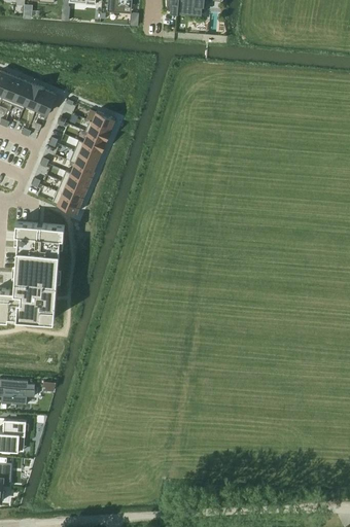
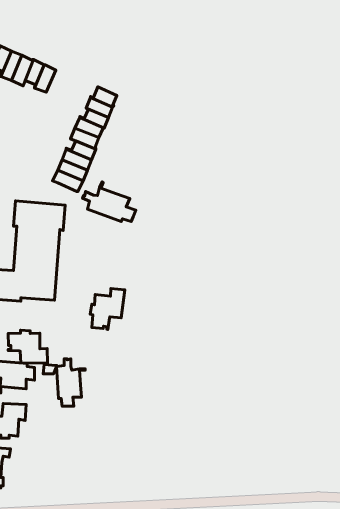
building: none -> [82,182,136,222]
building: none -> [90,288,125,330]
building: none -> [8,330,47,363]
building: none -> [56,359,85,406]

